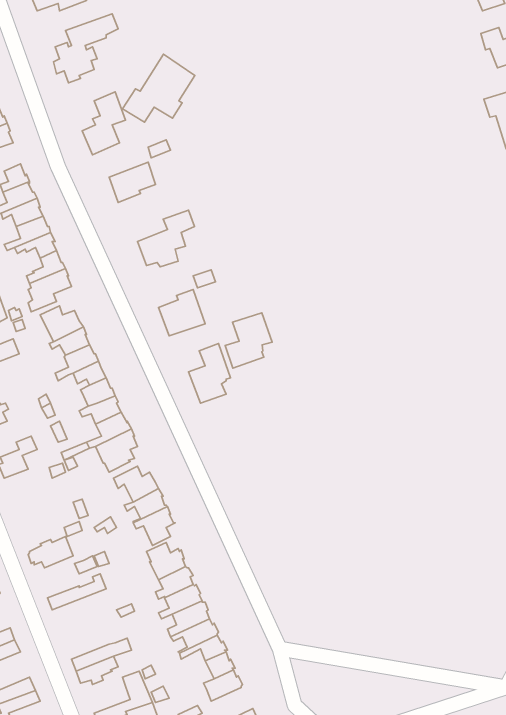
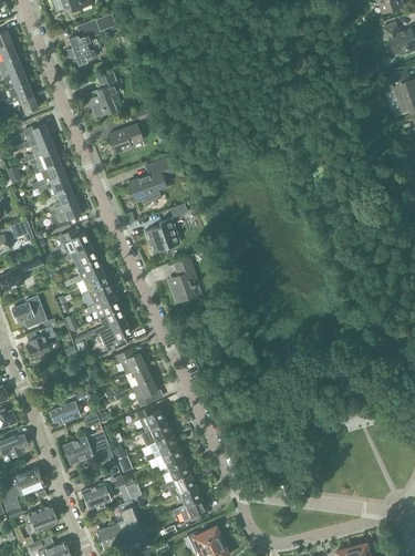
building: [123,54,195,122] -> none
building: [225,313,272,368] -> none
building: none -> [68,439,116,466]

